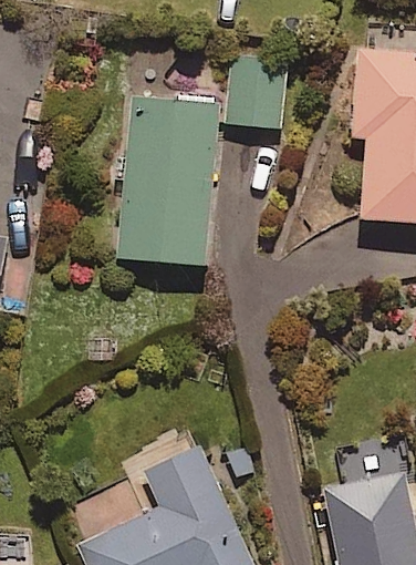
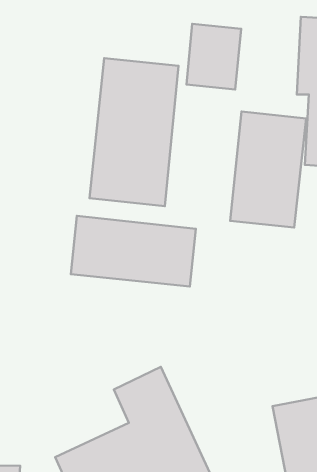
building: none -> [230,112,306,227]
building: none -> [71,216,196,286]

